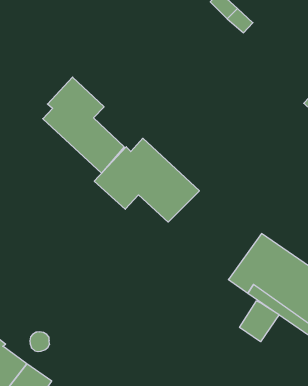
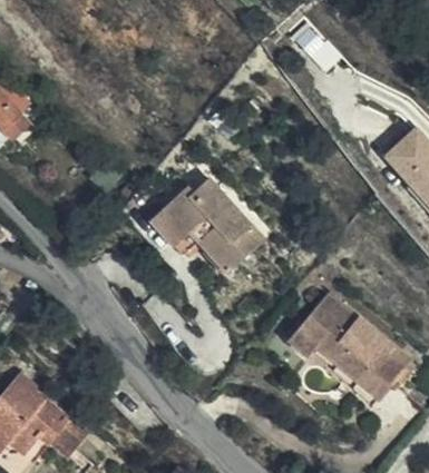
building: [43,77,124,173] -> none
building: [240,301,279,342] -> none

